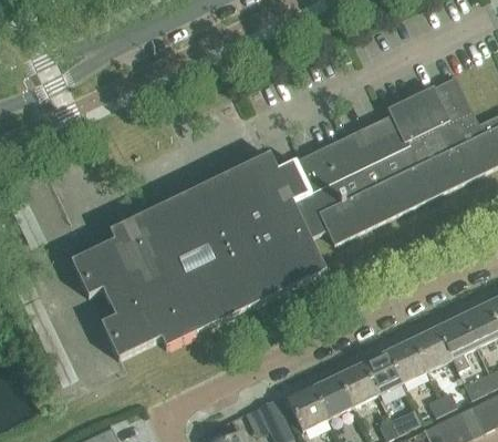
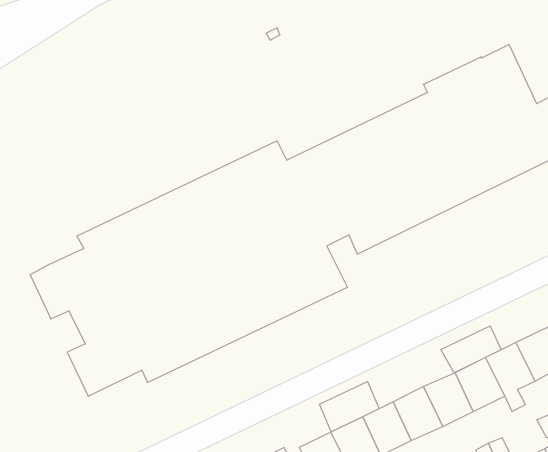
building: none -> [441,326,501,373]
building: none -> [320,381,379,432]

